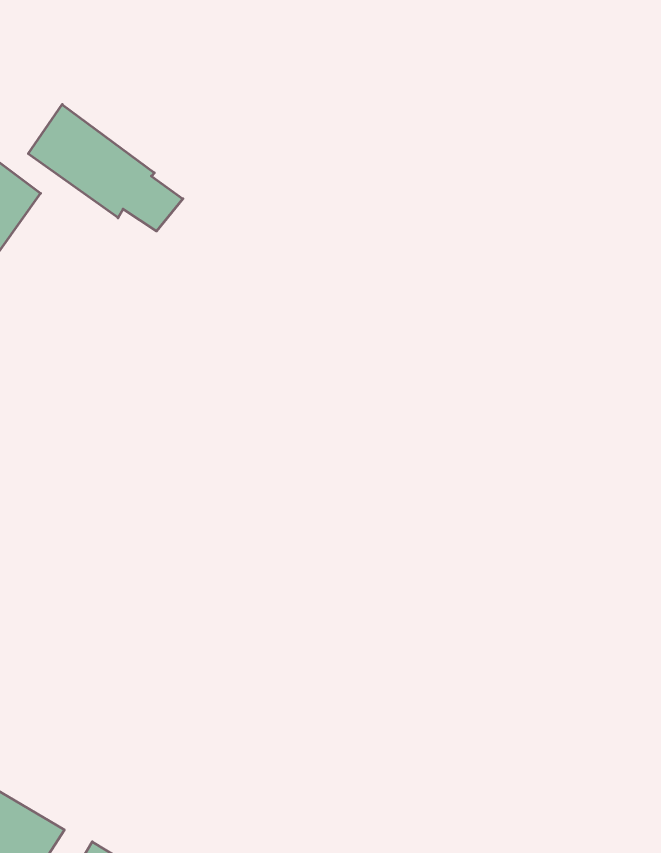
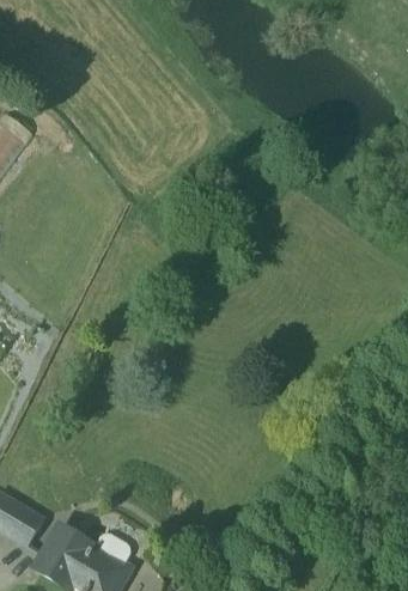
building: [28,104,183,231] -> none

